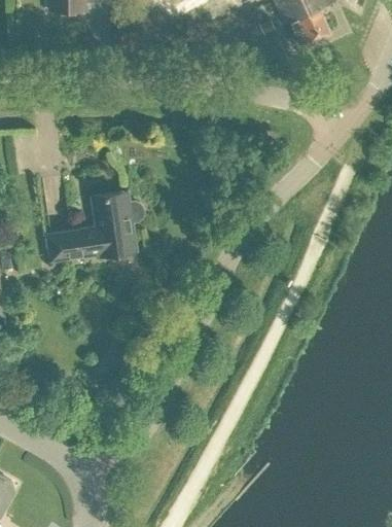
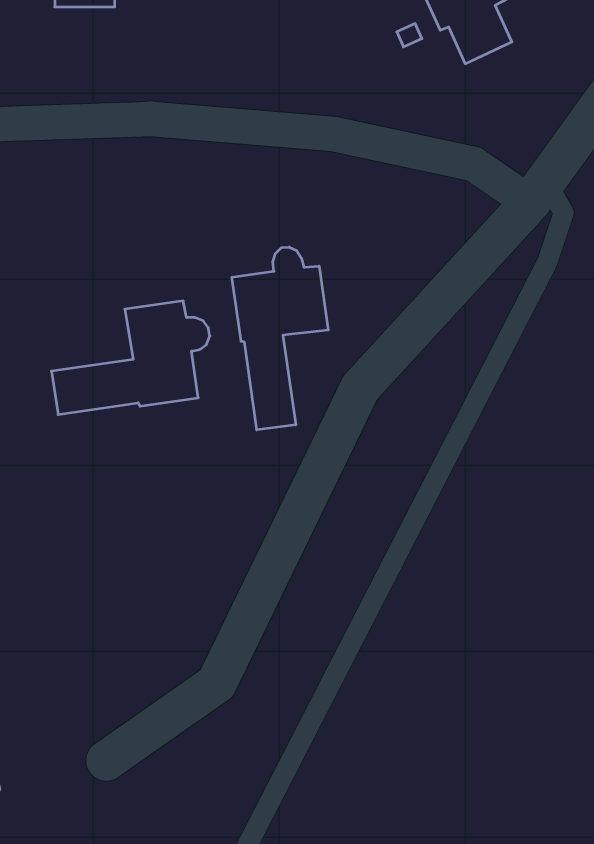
building: none -> [232,247,328,430]

